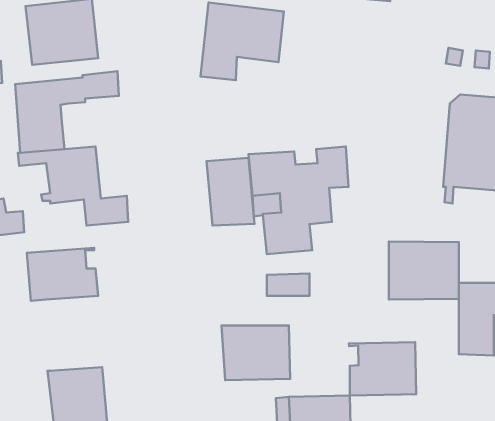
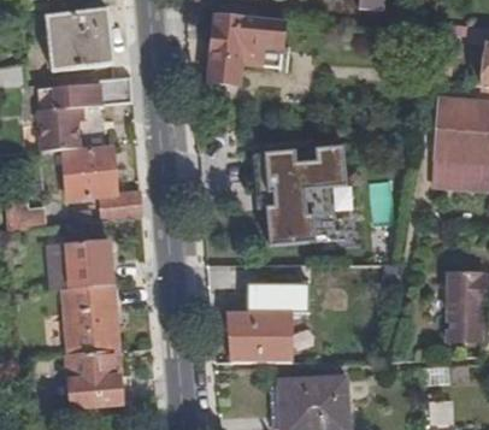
building: [207,158,255,226] -> none
building: [389,242,459,299] -> none
building: none -> [65,284,117,354]
building: [349,342,416,396] -> none

